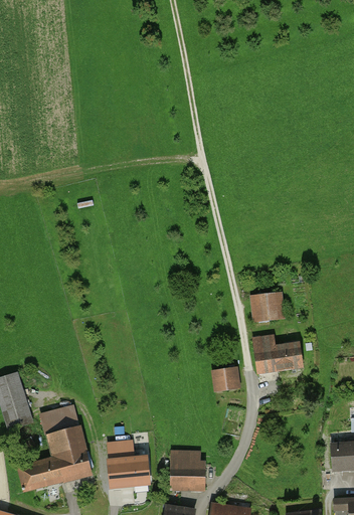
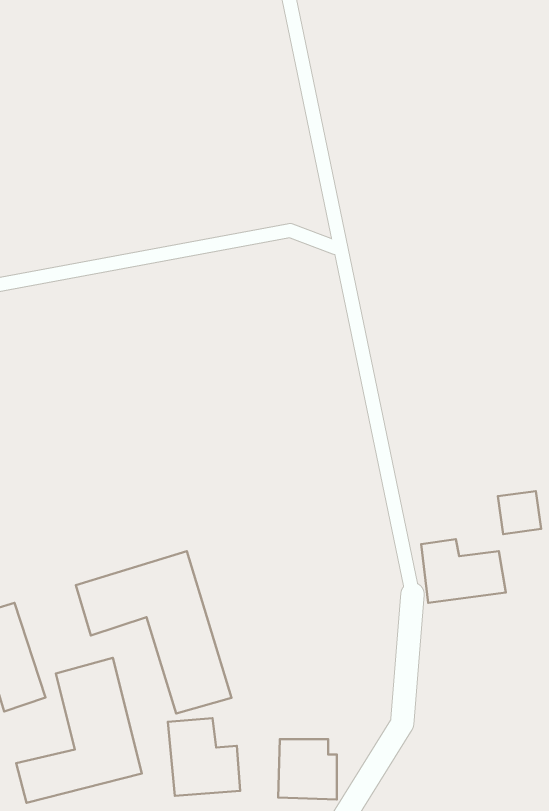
building: [255,294,281,319] -> [498,491,541,534]
building: none -> [76,551,232,713]
building: [213,367,238,391] -> none

